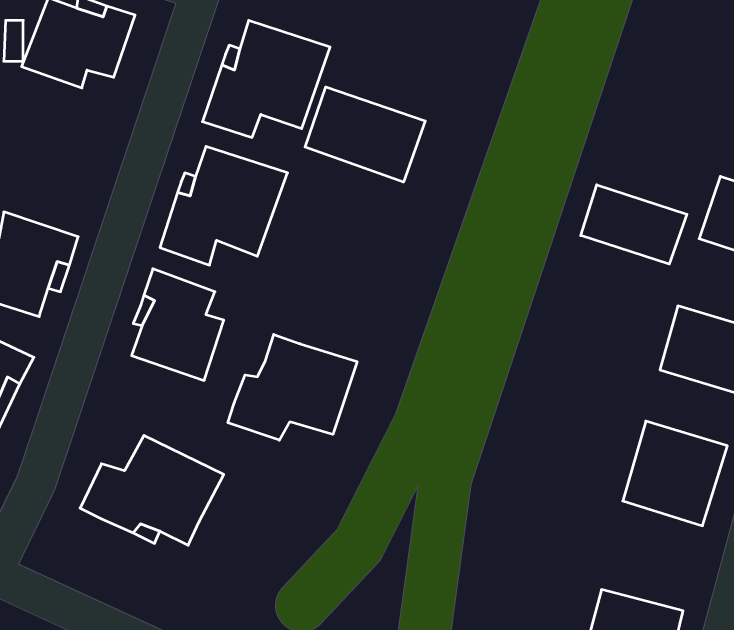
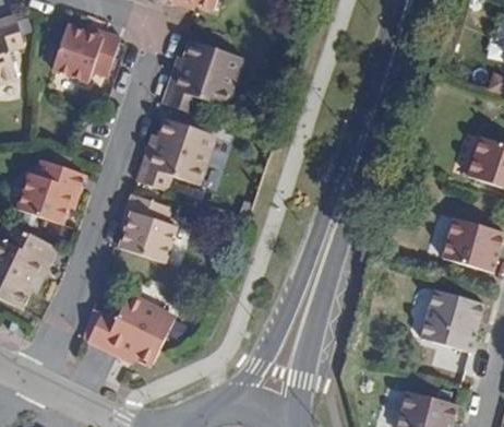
building: [305,87,425,182] -> none
building: [581,185,687,264] -> none
building: [228,334,357,440] -> none

